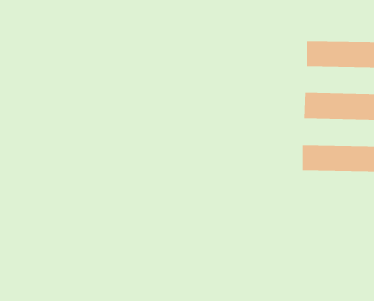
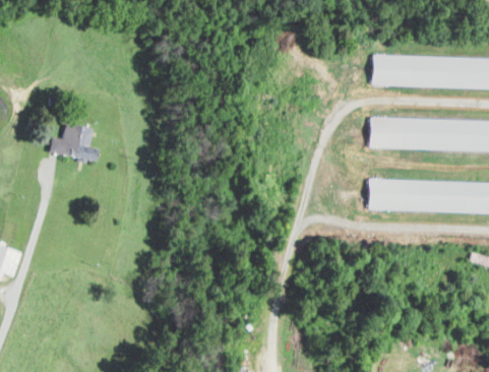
building: none -> [50,121,101,160]

